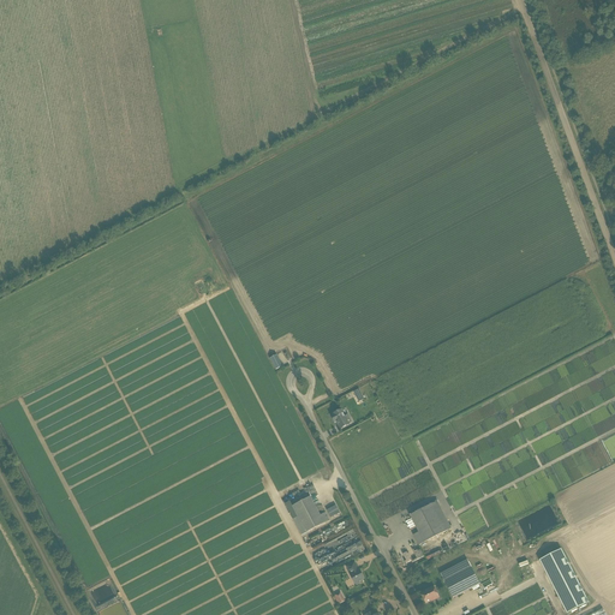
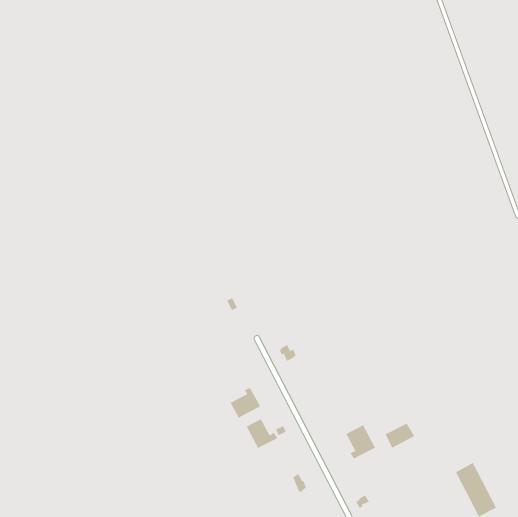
building: none -> [230,387,261,418]
building: [443,566,479,596] -> [385,423,415,448]

